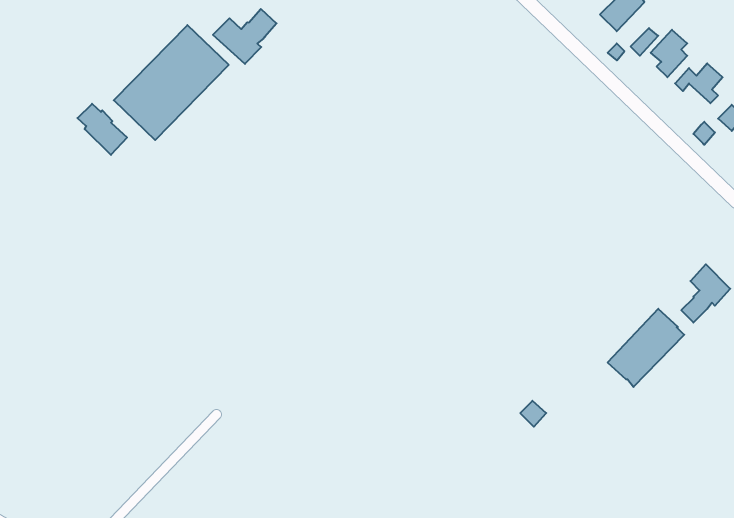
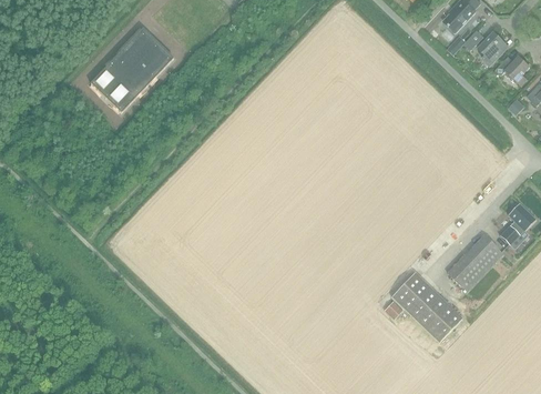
building: [213,9,277,64] -> none
building: [77,104,127,155] -> none
building: none -> [392,271,462,341]

